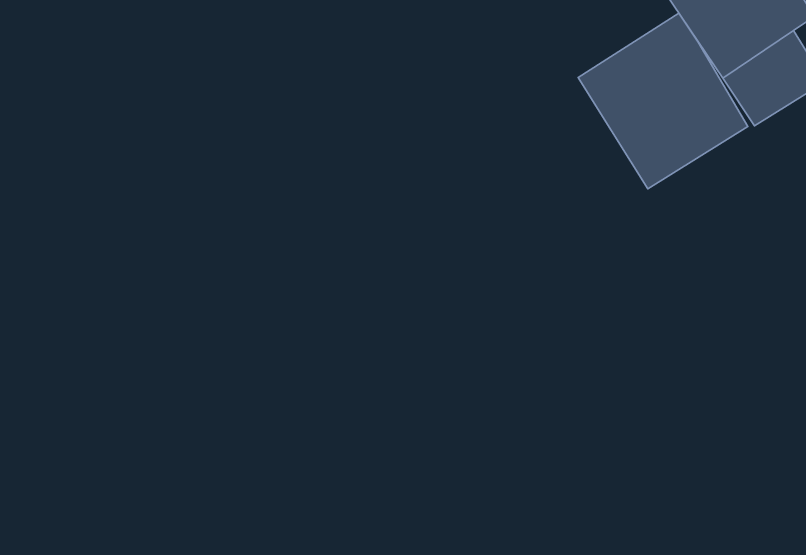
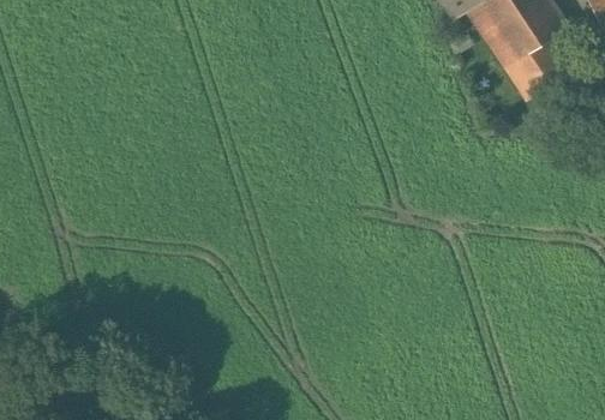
building: [578,13,748,189] -> none

